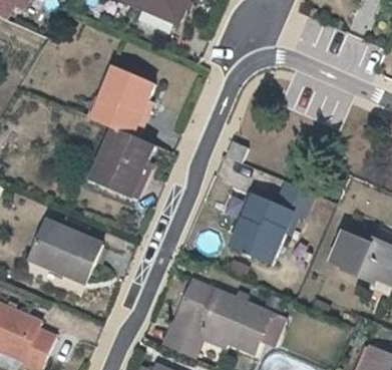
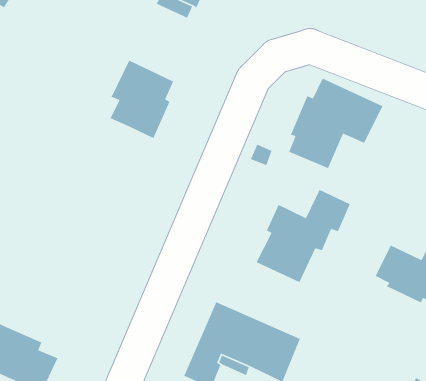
building: none -> [288,78,384,169]
building: [97,126,156,198] -> none
building: [31,218,101,280] -> none

